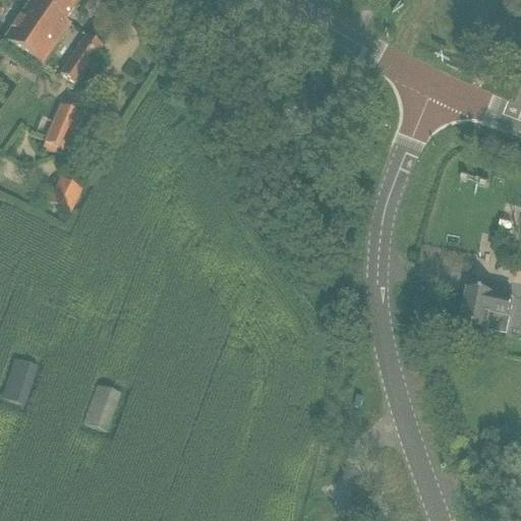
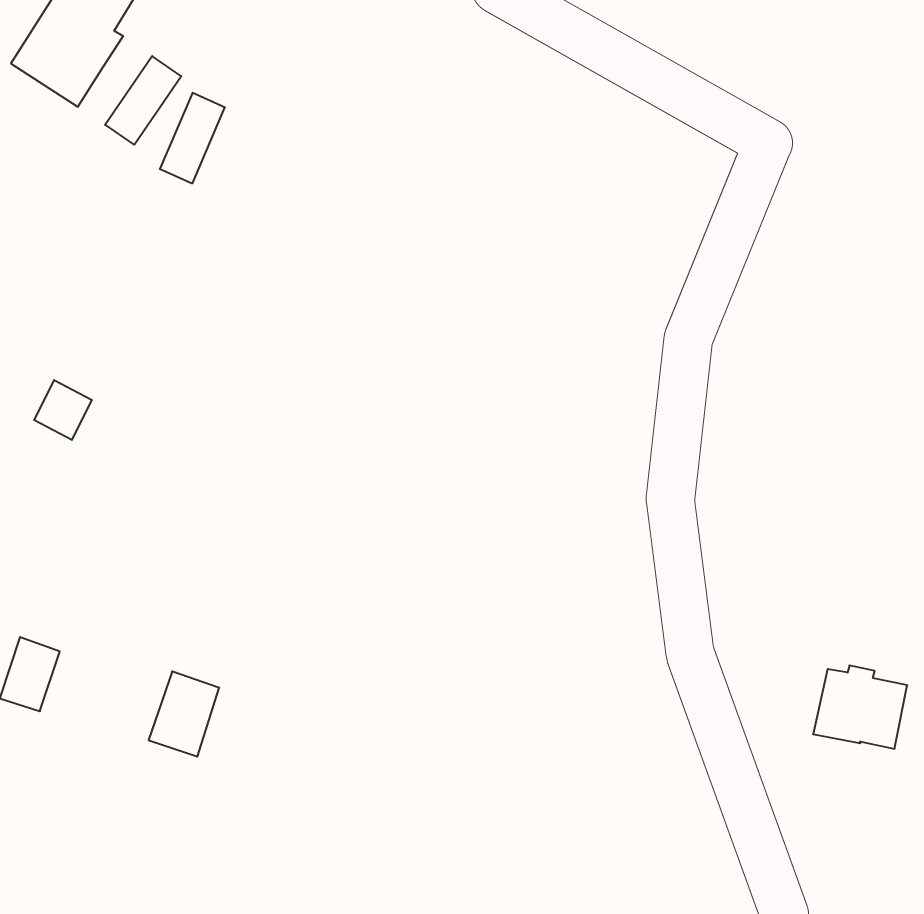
building: [44,102,80,153] -> [160,93,225,183]
building: [49,172,81,206] -> [34,380,92,440]
building: [461,284,514,331] -> [813,665,907,749]

